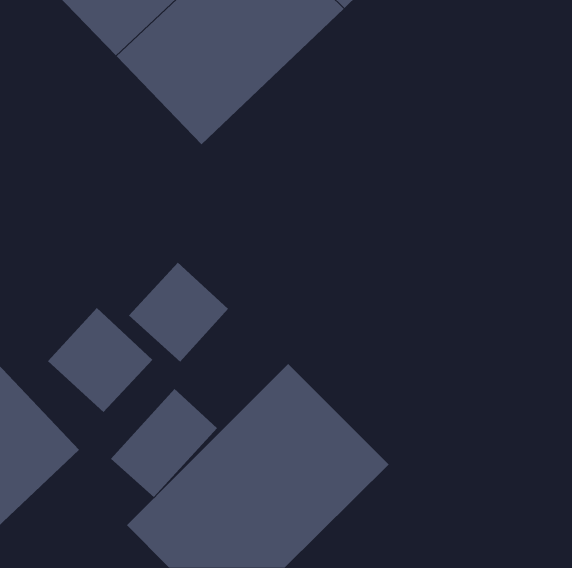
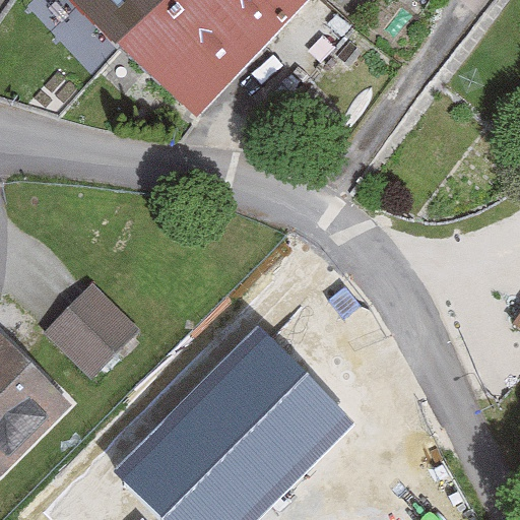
building: [128,262,229,362] -> none
building: [110,388,218,498] -> none

